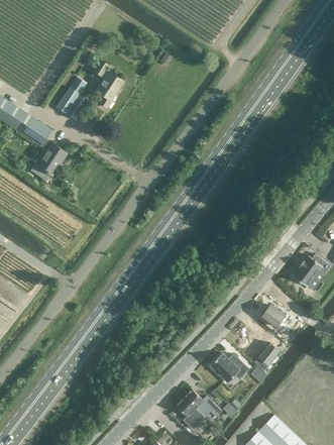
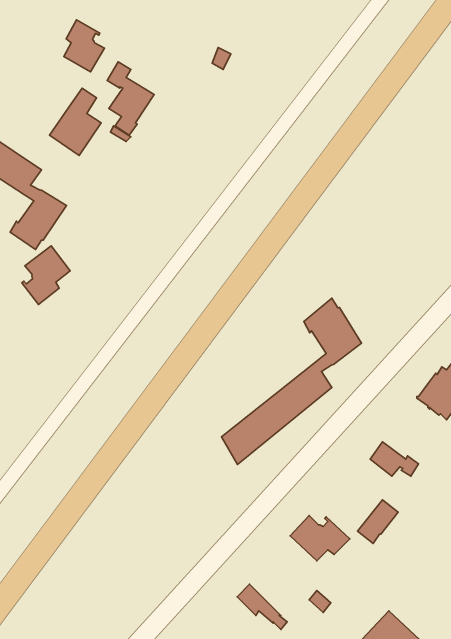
building: none -> [64,20,104,72]
building: none -> [22,246,70,305]
building: none -> [222,298,361,464]
building: [184,388,221,417] -> none

